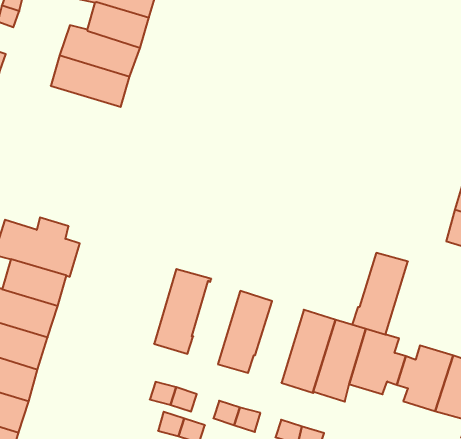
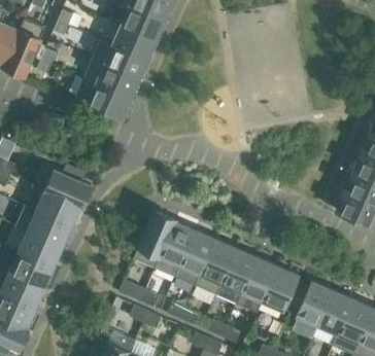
building: none -> [76,78,130,118]
building: [352,253,408,335] -> [195,240,237,295]
building: none -> [156,221,196,278]

